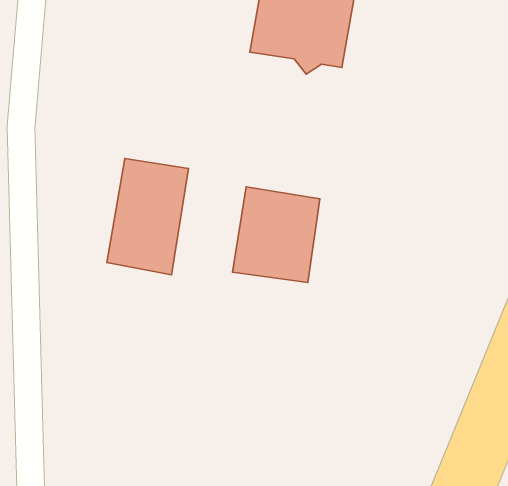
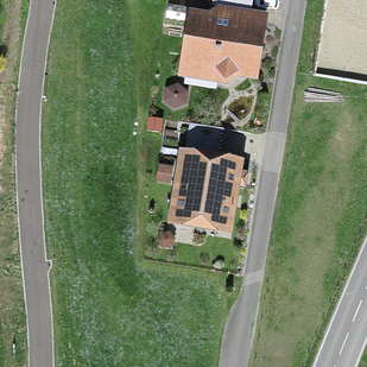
building: [107,159,189,275] -> none

